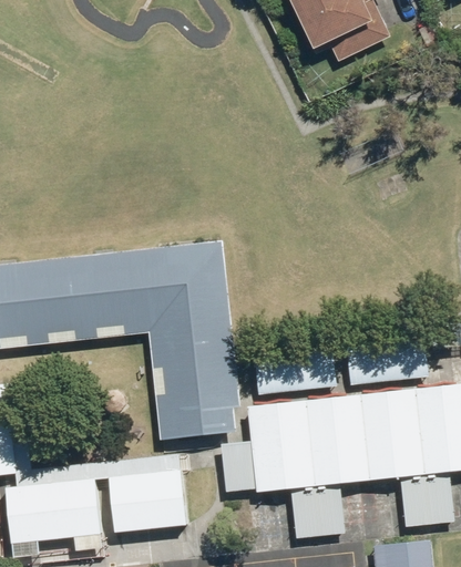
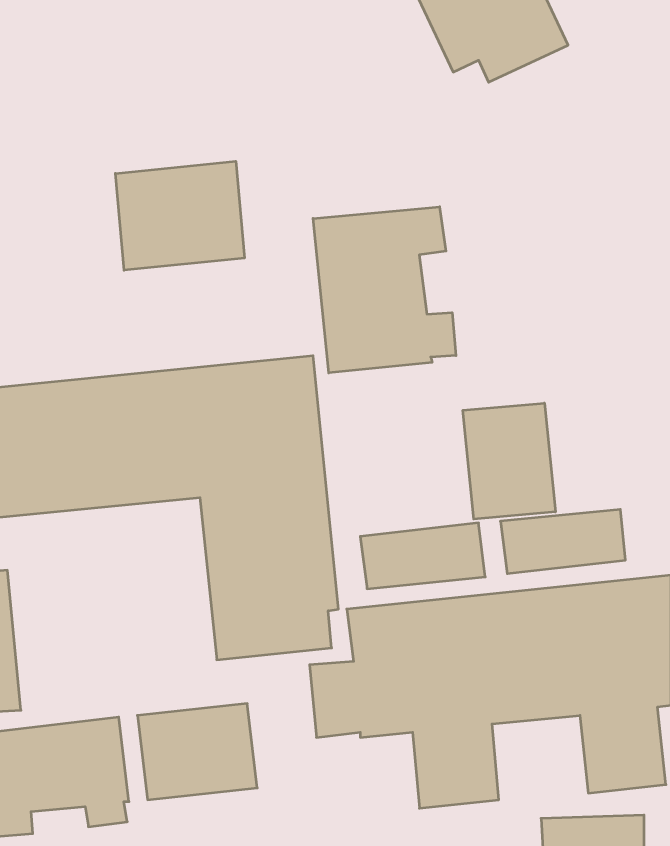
building: none -> [115,161,244,270]
building: none -> [313,207,456,373]
building: none -> [463,403,555,519]

